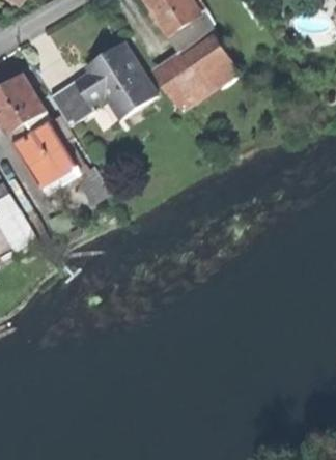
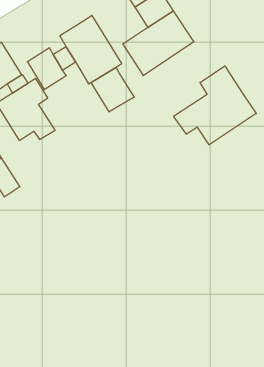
building: none -> [174,66,256,145]
building: none -> [91,68,134,112]

